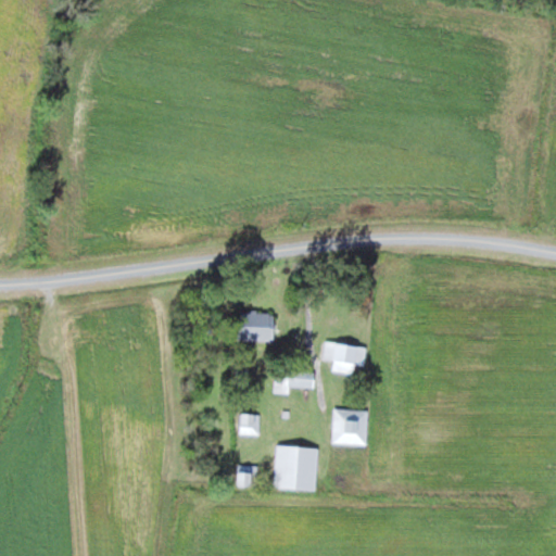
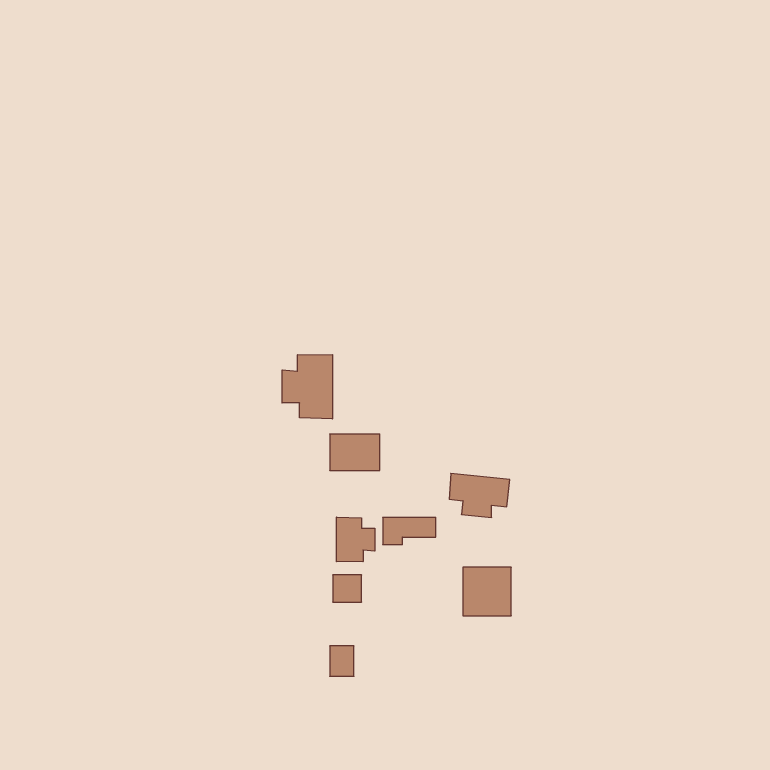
building: none -> [282,355,332,419]
building: none -> [337,517,375,562]
building: [274,446,318,491] -> none

